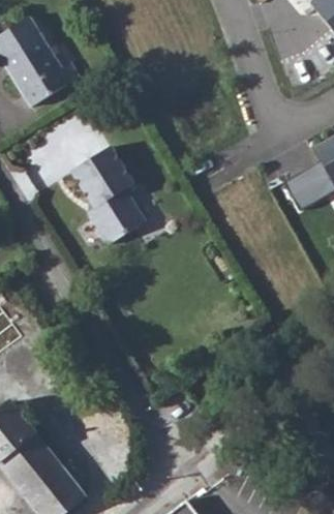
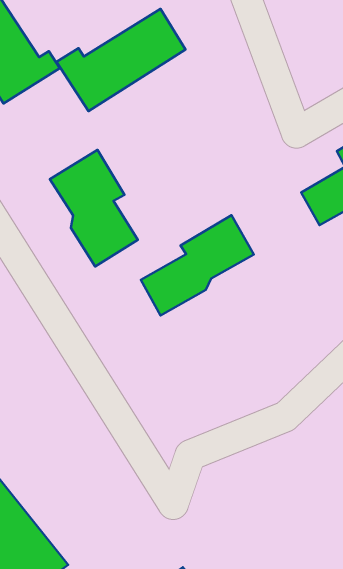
building: none -> [57,9,186,111]
building: none -> [141,215,254,316]

